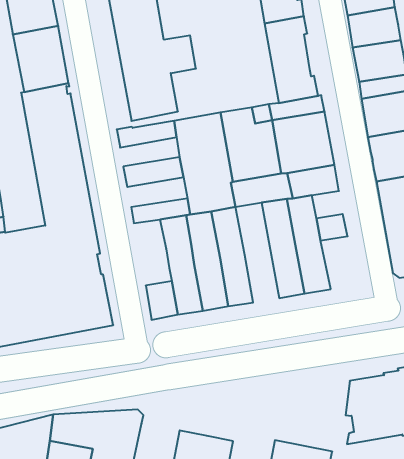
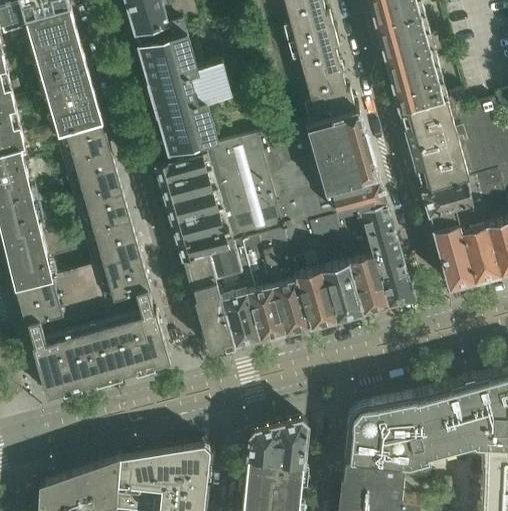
building: none -> [161,168,222,203]
building: none -> [172,208,234,243]
building: none -> [359,207,392,237]
building: none -> [283,226,336,328]
building: none -> [182,253,226,321]
building: none -> [372,252,411,307]
building: none -> [344,397,424,471]
building: none -> [248,422,308,470]

